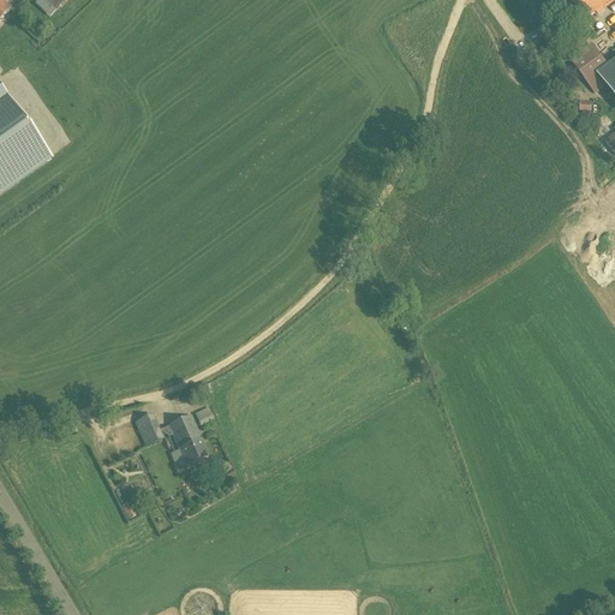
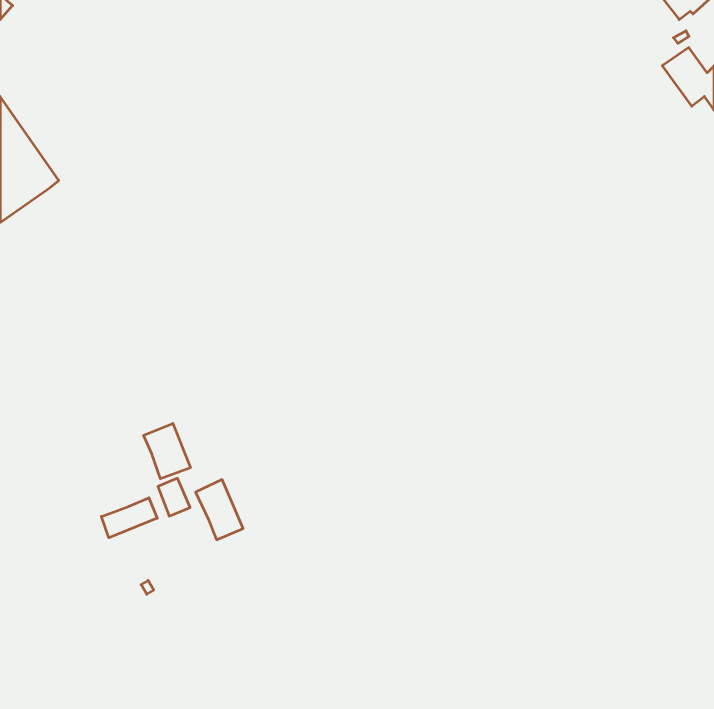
building: none -> [144,423,190,479]
building: none -> [101,498,157,538]

